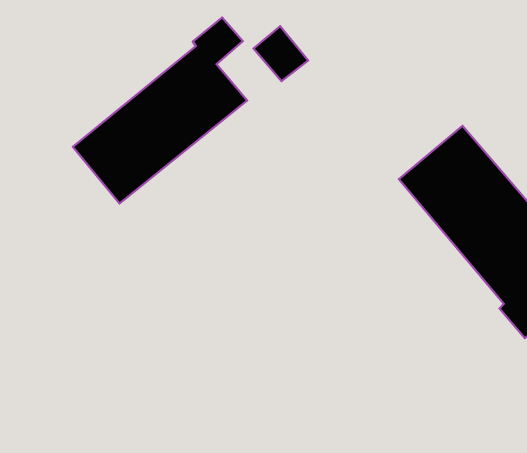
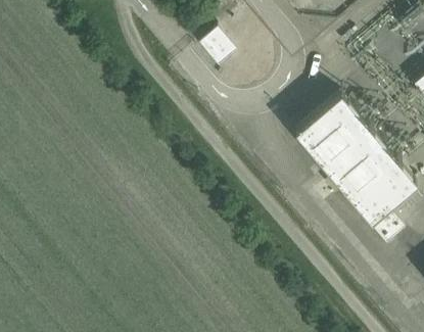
building: [73,17,247,203] -> none

